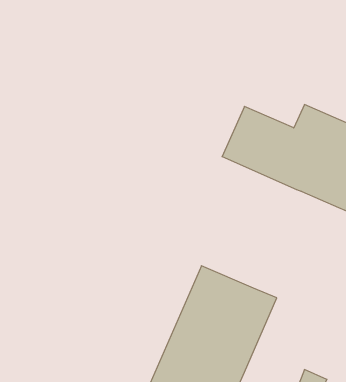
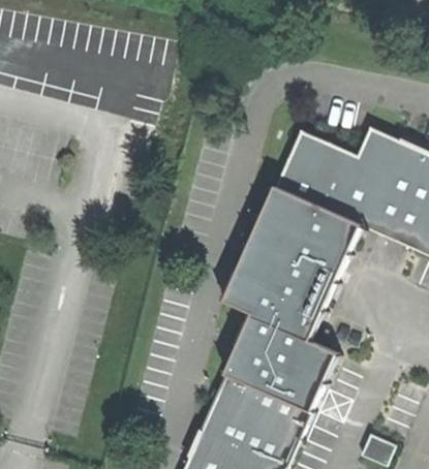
building: none -> [224,188,360,340]

